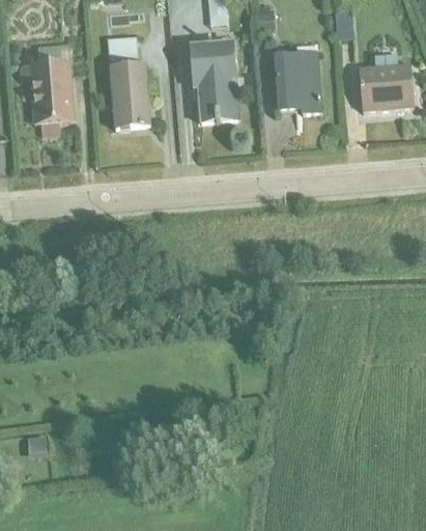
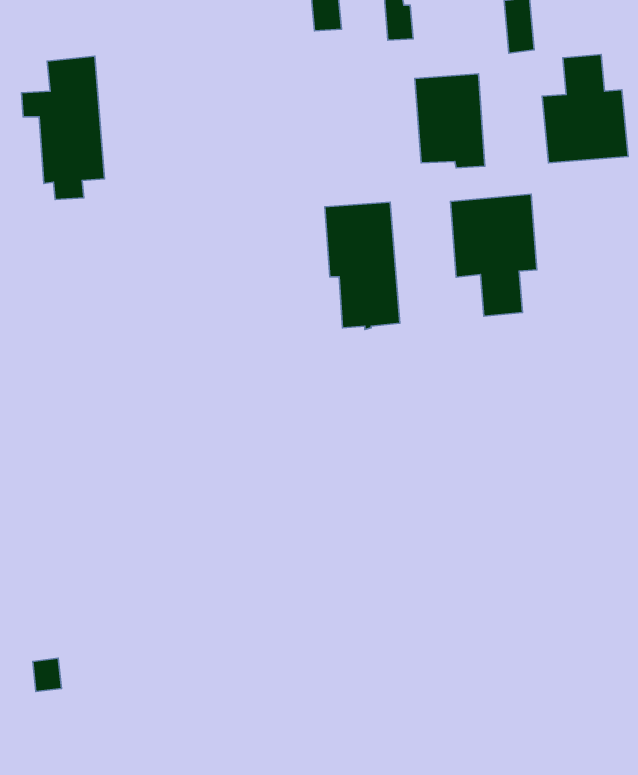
building: [107,35,149,130] -> none
building: [189,40,237,123] -> [325,202,400,329]
building: none -> [451,194,537,316]

